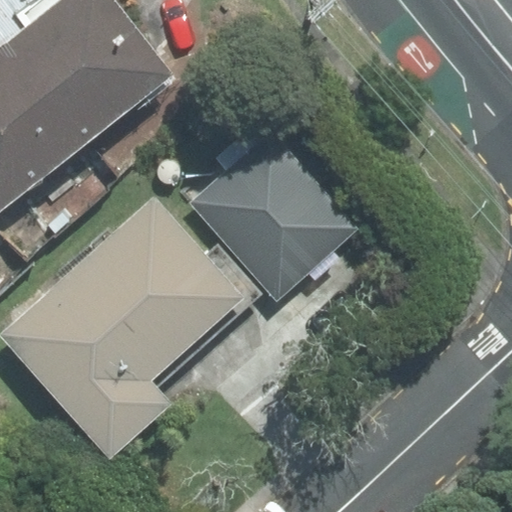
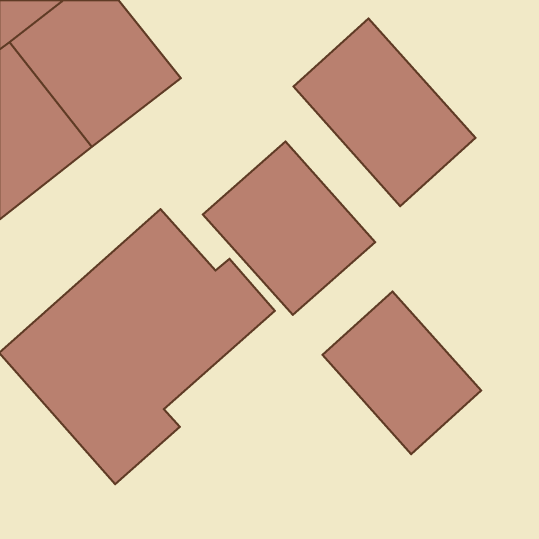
building: none -> [293,18,476,206]
building: none -> [323,291,481,454]

